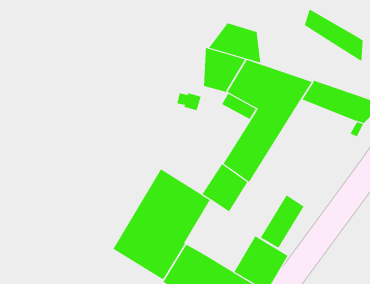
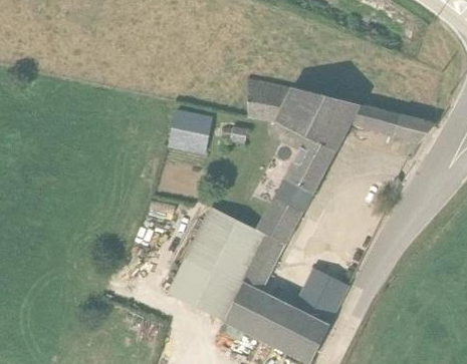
building: [303,8,363,62] -> none
building: [208,22,261,63] -> none
building: none -> [167,109,213,154]
building: [260,194,305,248] -> [242,235,285,291]

